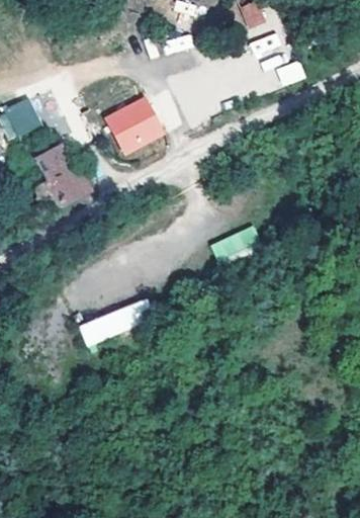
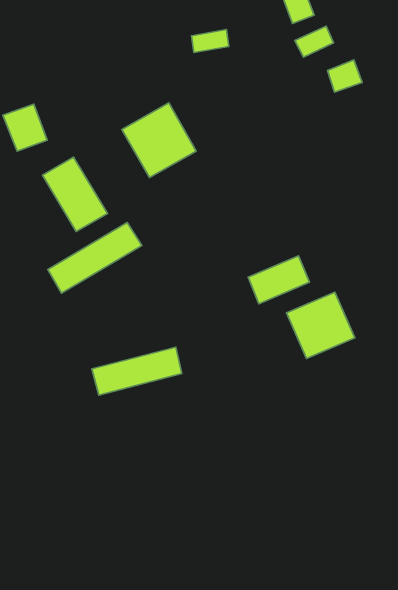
building: none -> [48,223,142,293]
building: none -> [286,292,355,359]

